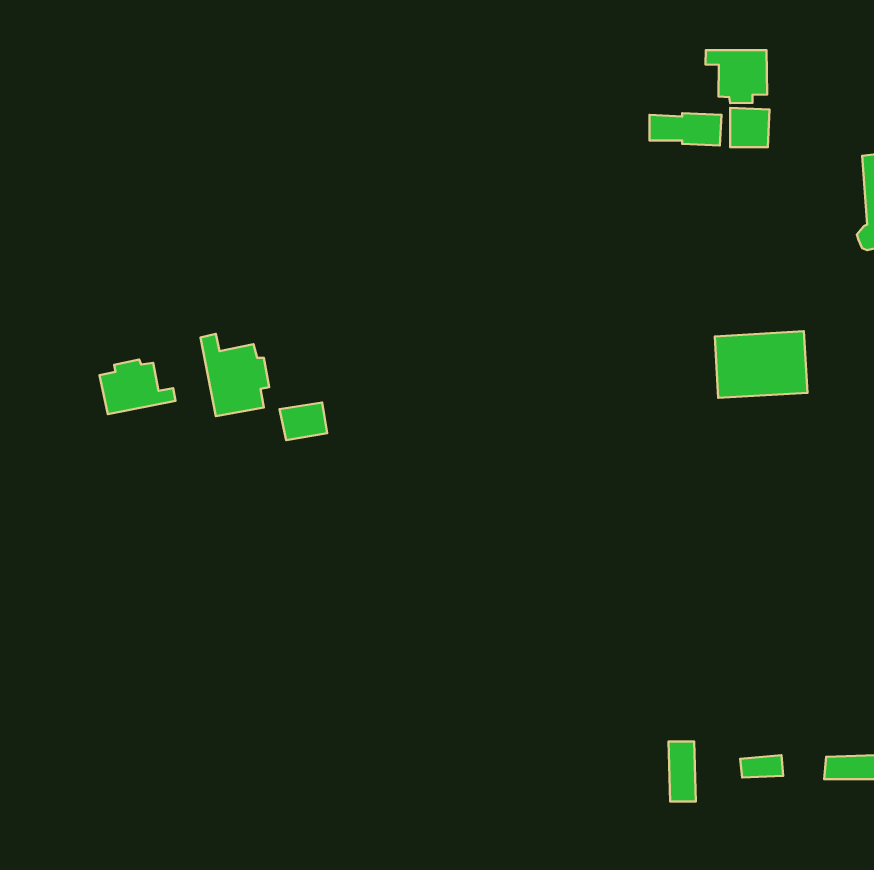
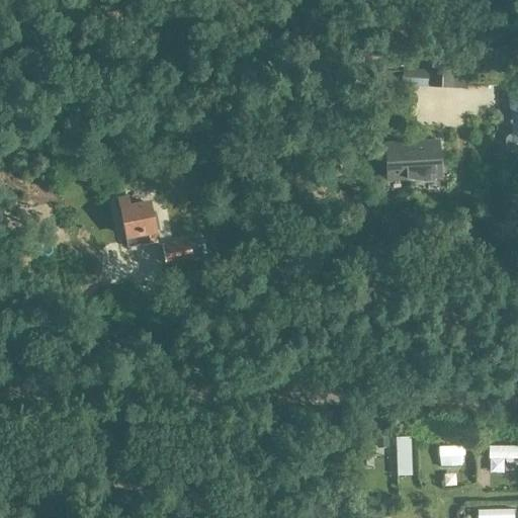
building: [706,50,767,103] -> none
building: [715,331,807,398] -> [387,141,442,180]
building: [99,359,175,414] -> none

